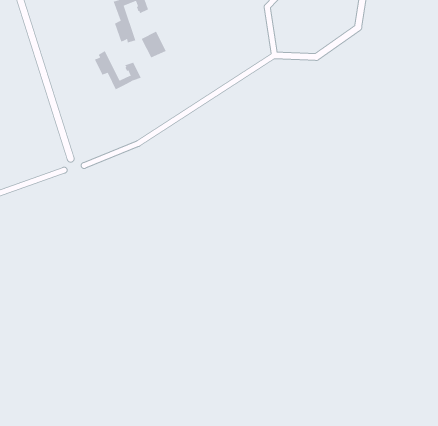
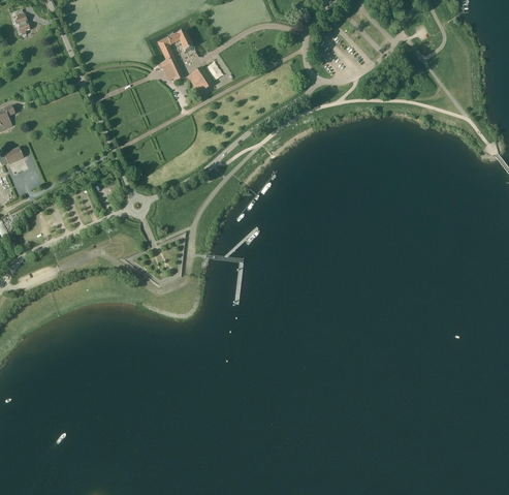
building: [94,50,141,90] -> none

